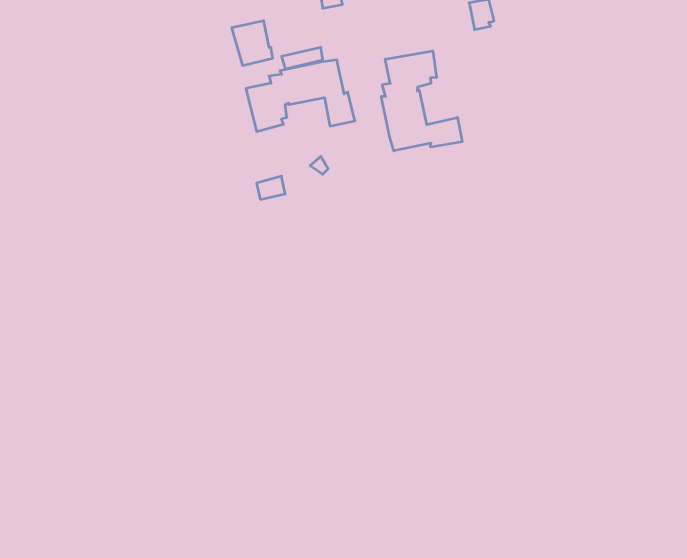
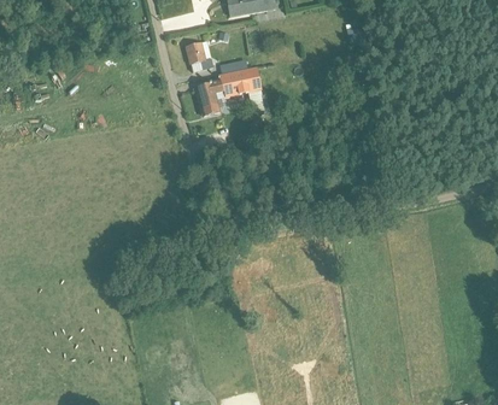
building: [381,51,462,151] -> none

